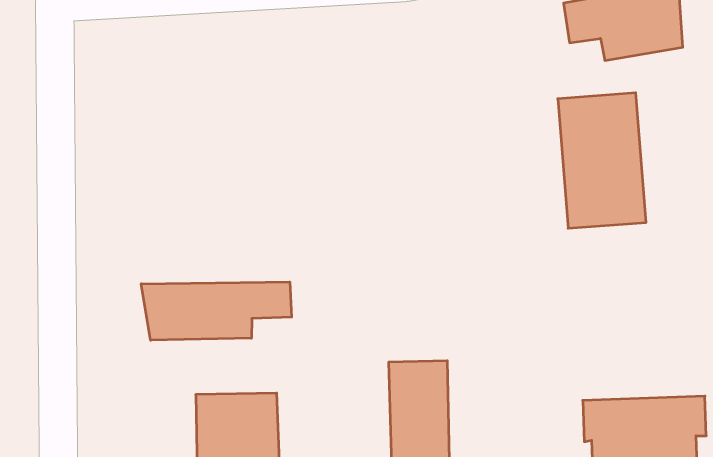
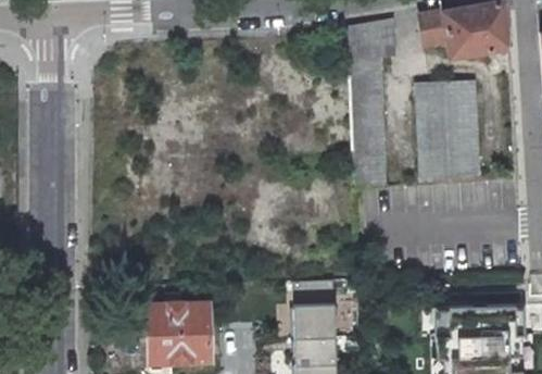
building: none -> [348,20,395,192]
building: [141,282,292,340] -> none

